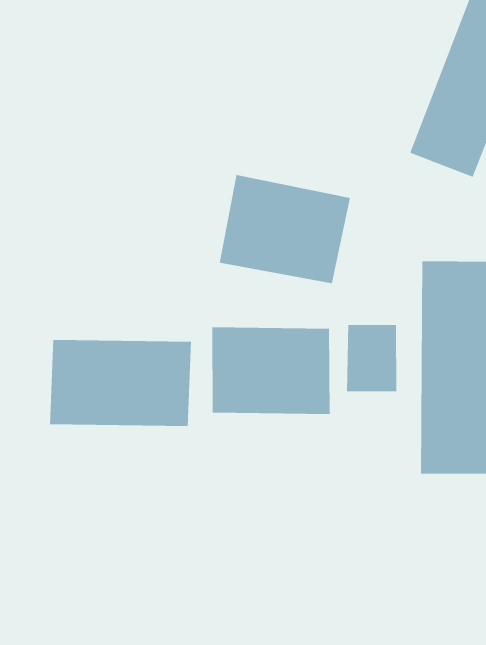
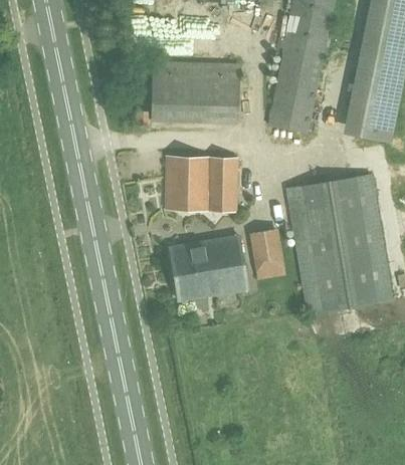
building: none -> [151,62,238,123]
building: [49,339,192,427] -> none

